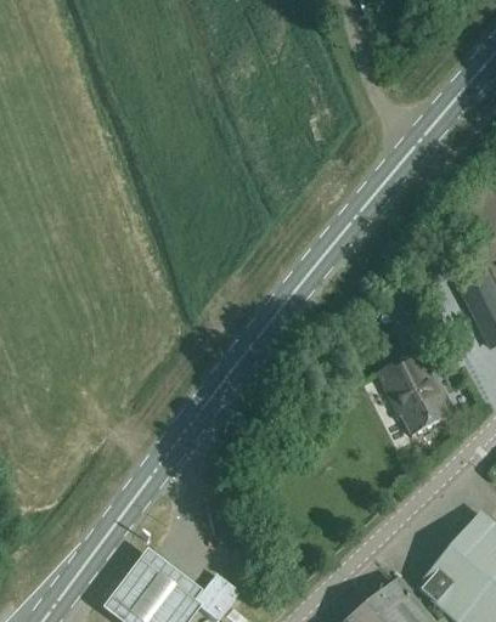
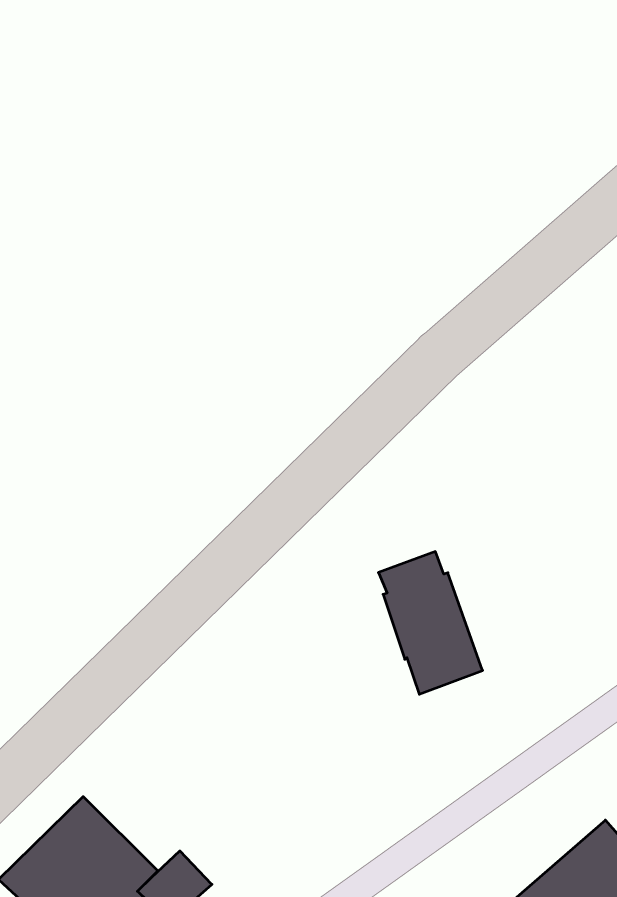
building: [373,344,447,435] -> [378,552,483,694]

